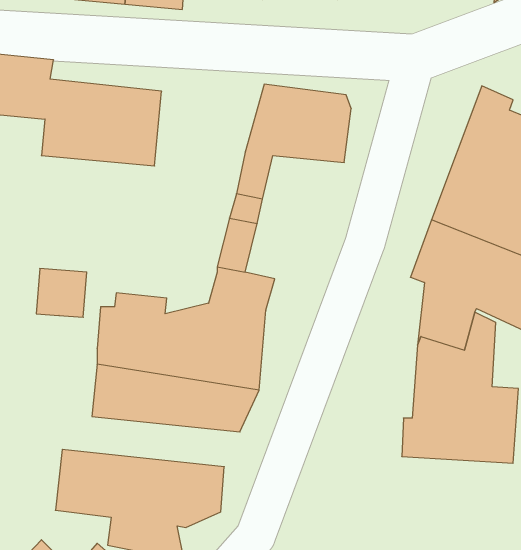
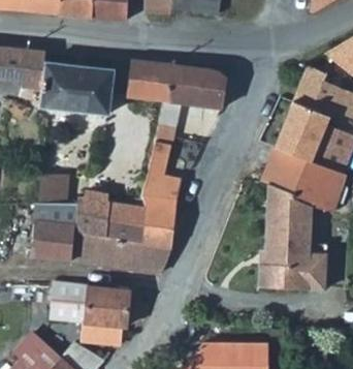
building: none -> [129,59,173,104]
building: none -> [32,201,74,262]

